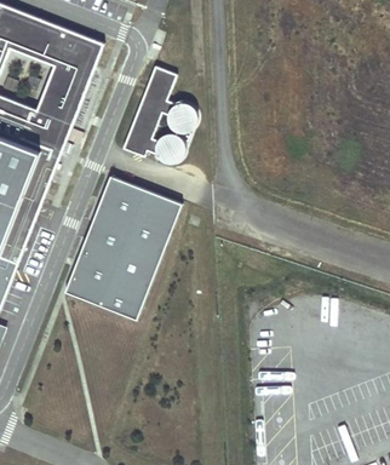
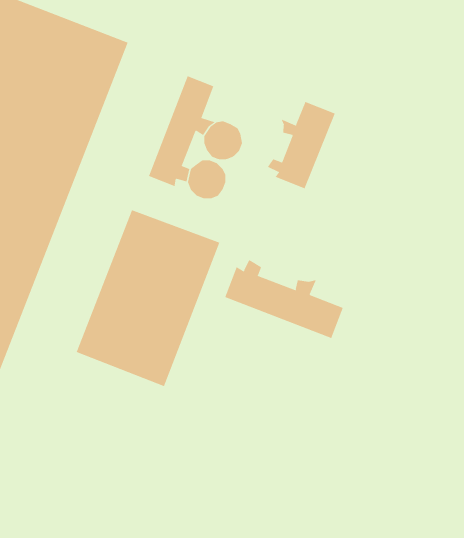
building: none -> [267,101,335,189]
building: none -> [225,259,344,339]

